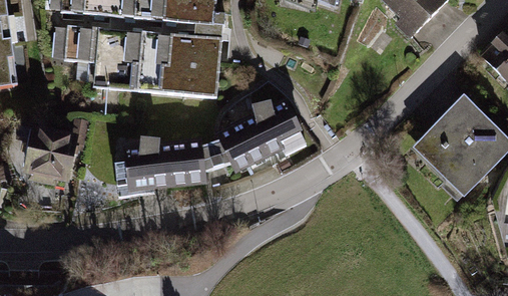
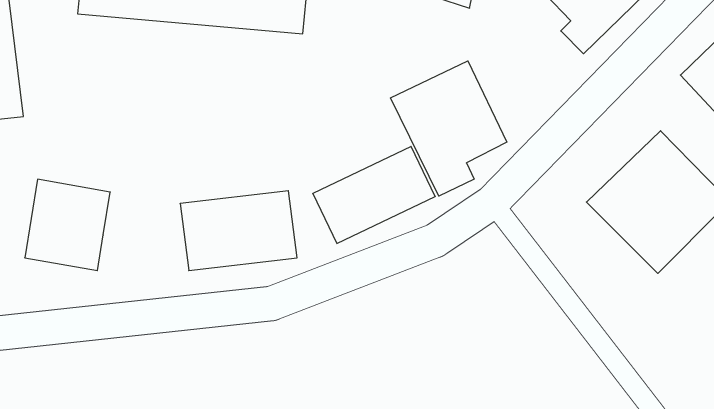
building: [64,23,224,97] -> none
building: none -> [391,61,507,196]

